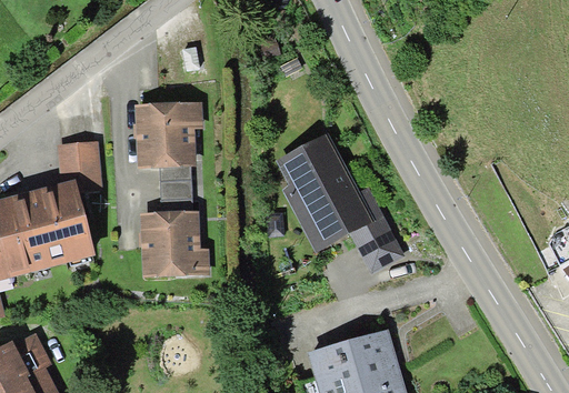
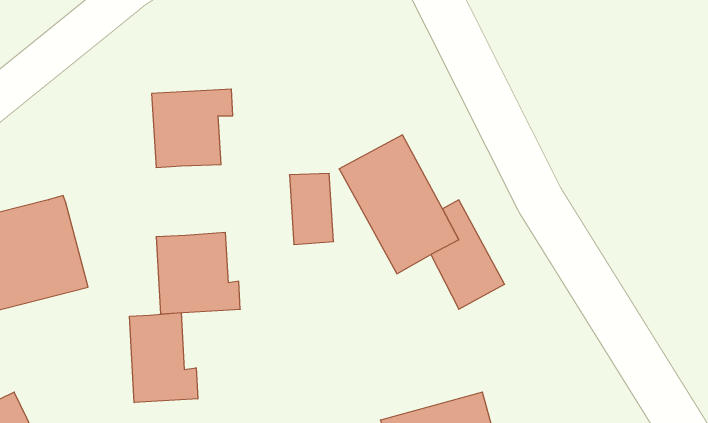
building: [57,143,97,191] -> none
building: [160,162,193,215] -> [289,174,334,244]
building: none -> [130,313,198,403]

